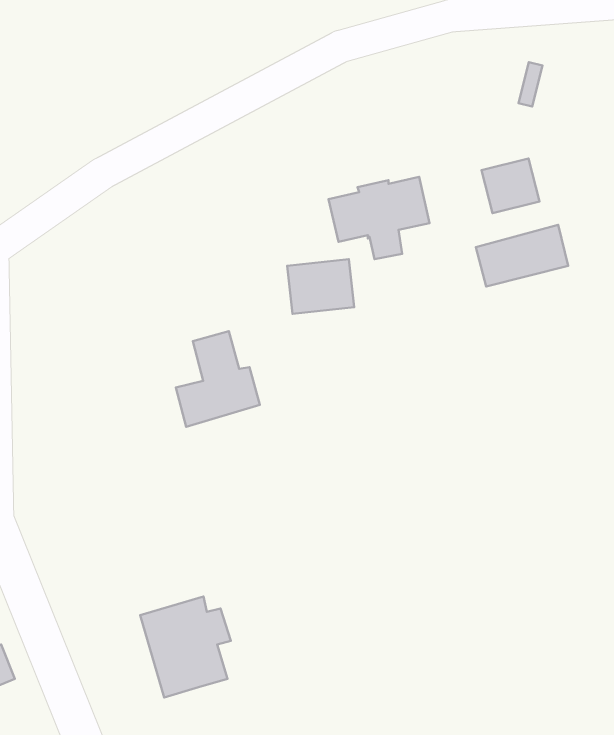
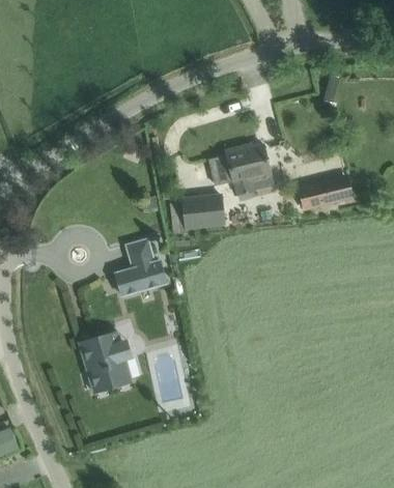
building: [482,158,539,213] -> none
building: [140,596,231,698] -> [79,332,134,393]

